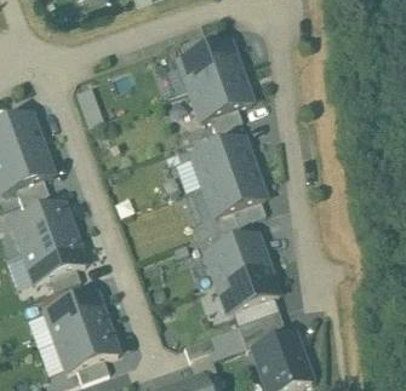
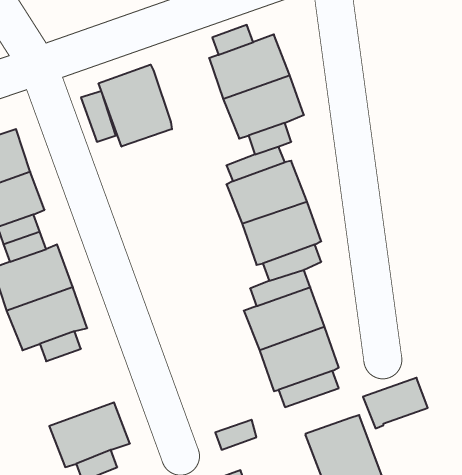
building: none -> [99,65,172,147]
building: [44,295,105,345] -> none
building: [236,316,286,355] -> [363,378,428,428]

